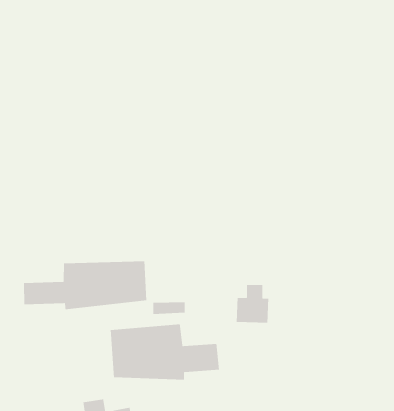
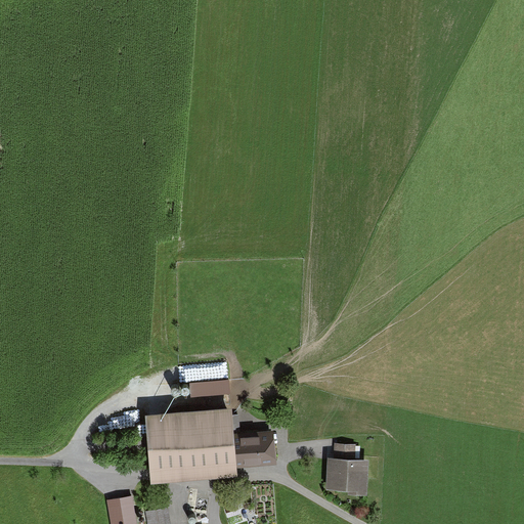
building: [23,261,147,310] -> none
building: [236,284,269,323] -> [326,446,366,493]

